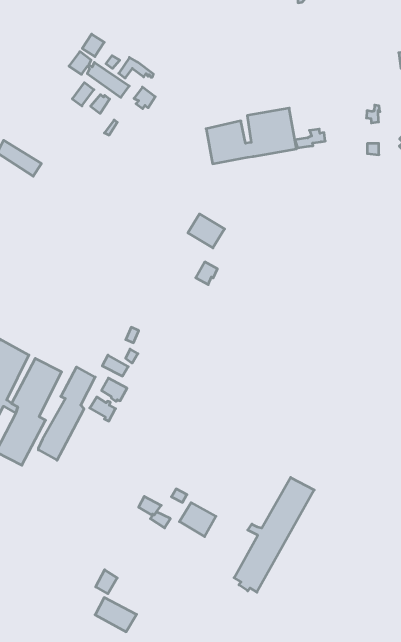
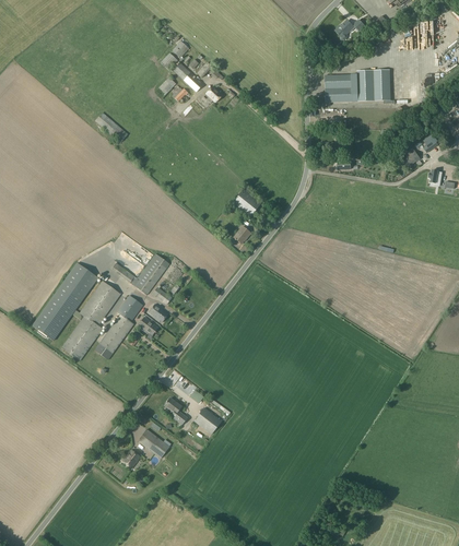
building: [206,108,297,164] -> [325,69,391,103]
building: none -> [111,253,169,295]
building: [234,477,314,592] -> none
building: [95,598,137,632] -> [138,429,169,458]

